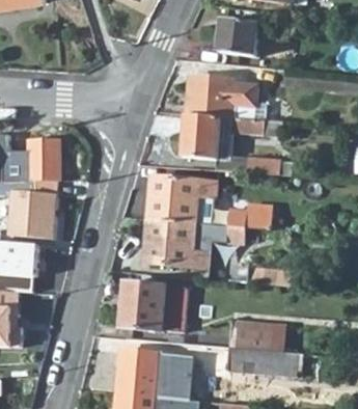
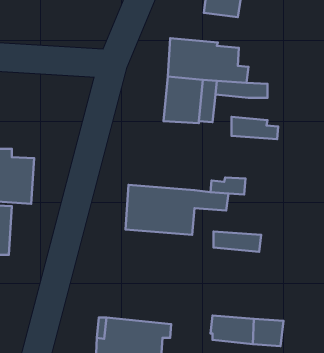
building: [29,141,58,182] -> none
building: [147,176,216,225] -> none
building: [121,281,186,330] -> none
building: [229,322,286,352] -> none

